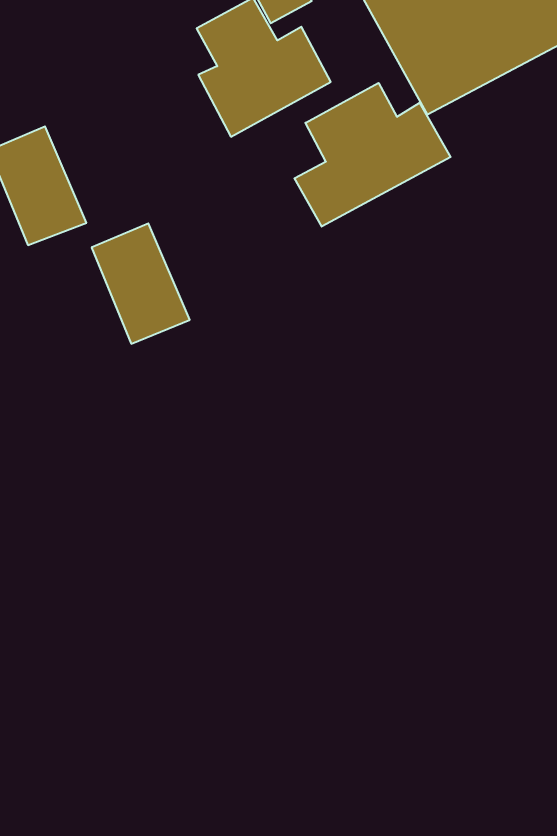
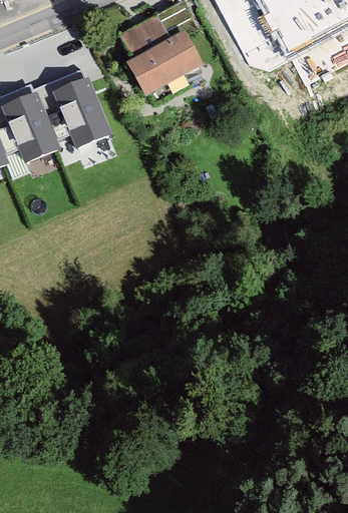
building: [294,83,451,227] -> none
building: [92,223,190,344] -> [53,73,110,143]

